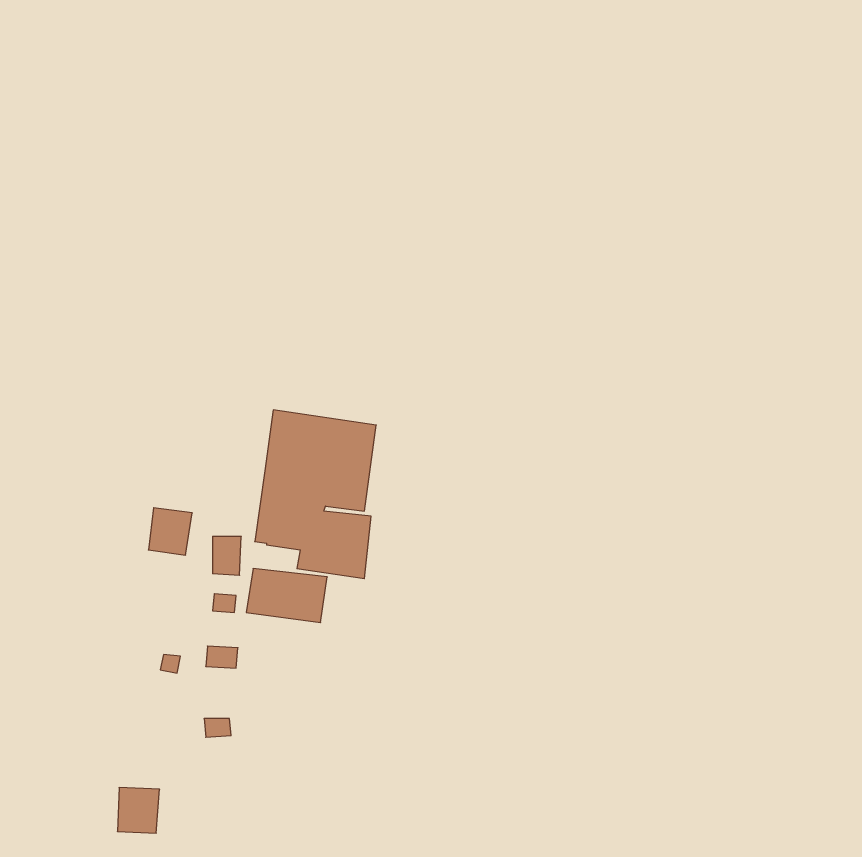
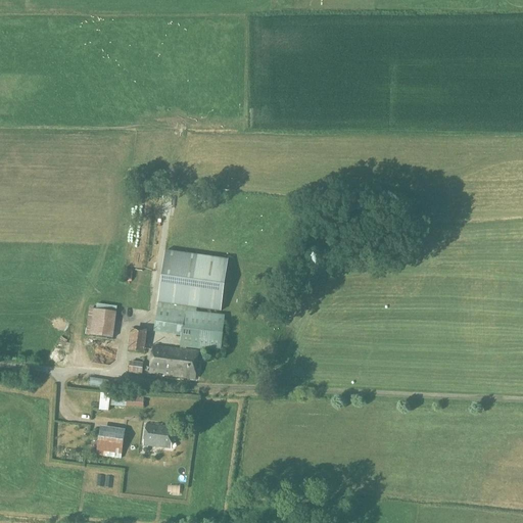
building: none -> [144,422,173,446]
building: [117,788,160,833] -> [96,426,122,454]

